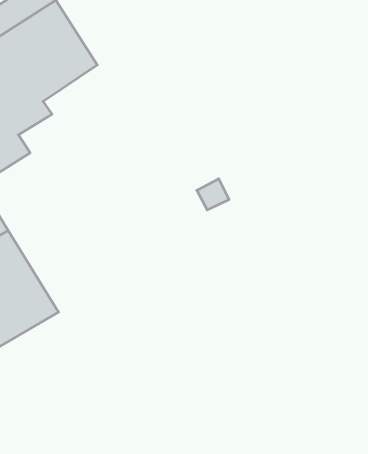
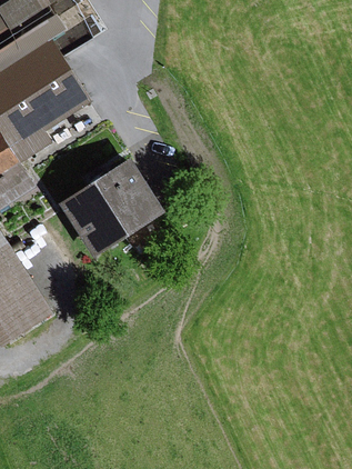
building: none -> [57,158,163,256]

